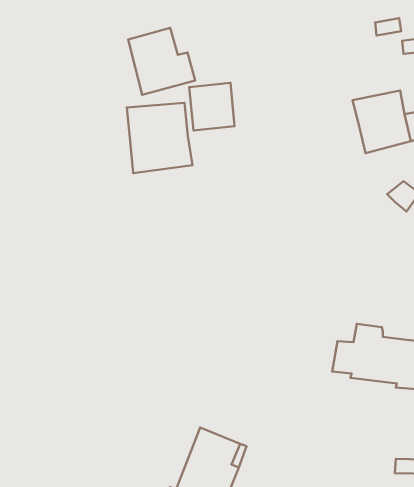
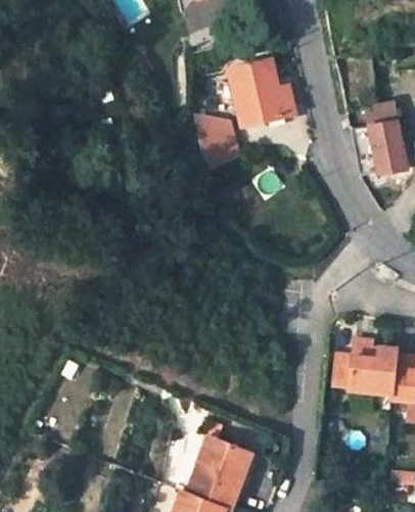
building: [128,28,195,95] -> [233,60,296,124]
building: [127,103,193,173] -> none

